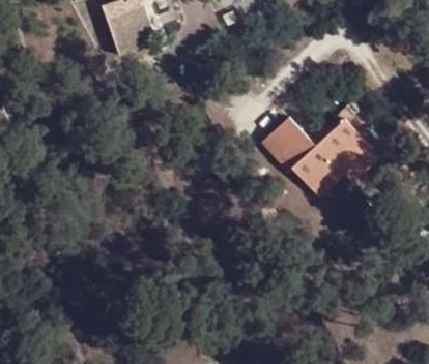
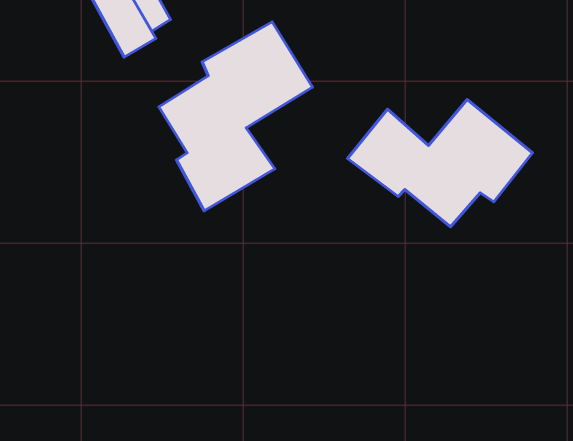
building: none -> [159,22,313,211]

